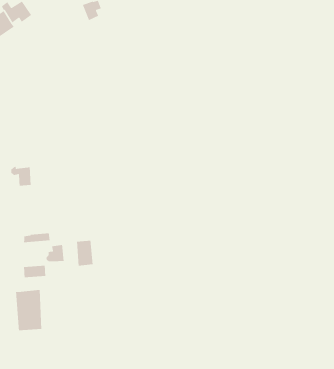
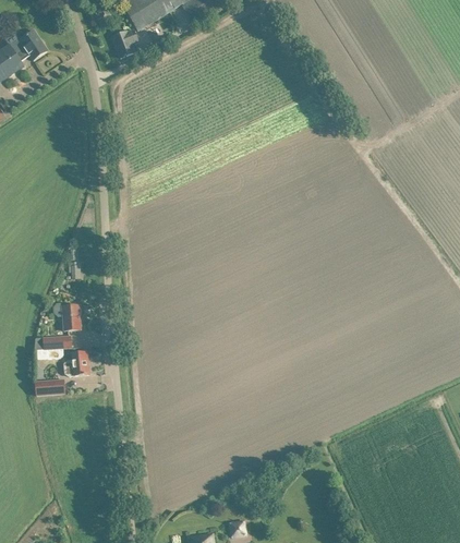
building: [11,166,31,186] -> [53,302,81,329]
building: [76,240,94,267] -> none
building: [15,289,42,331] -> none

